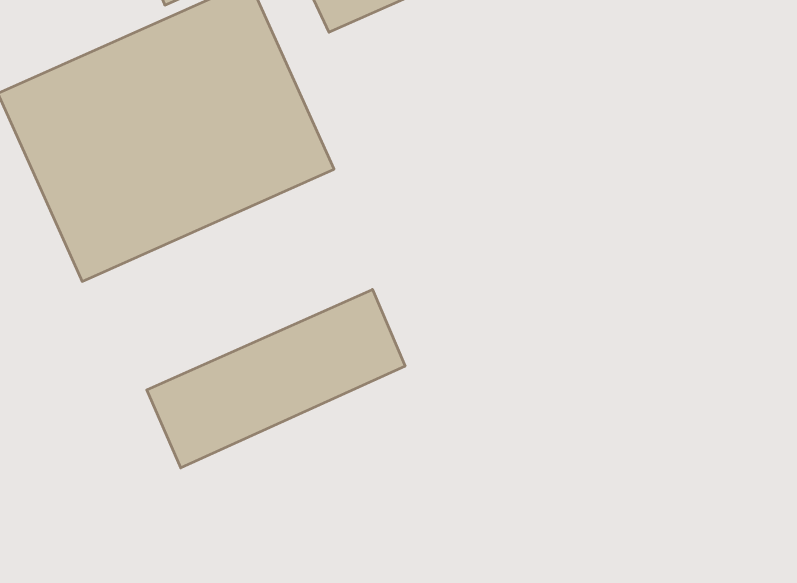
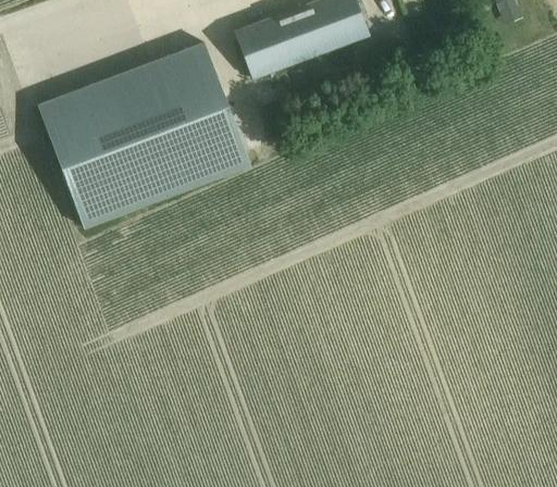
building: [147,289,405,468] -> none

